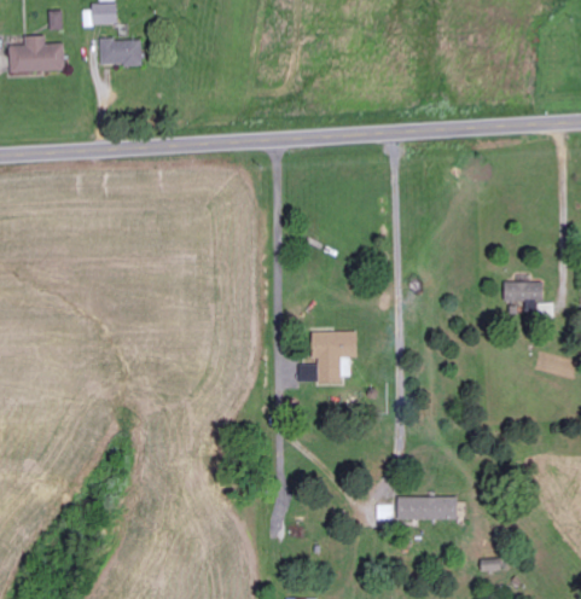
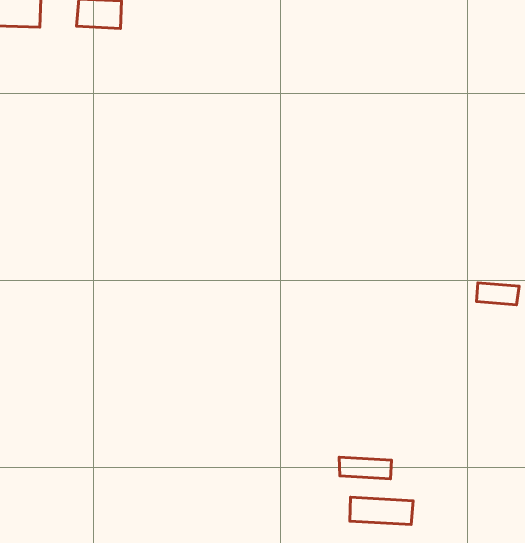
building: [298,331,356,383] -> none
building: none -> [339,457,392,479]

